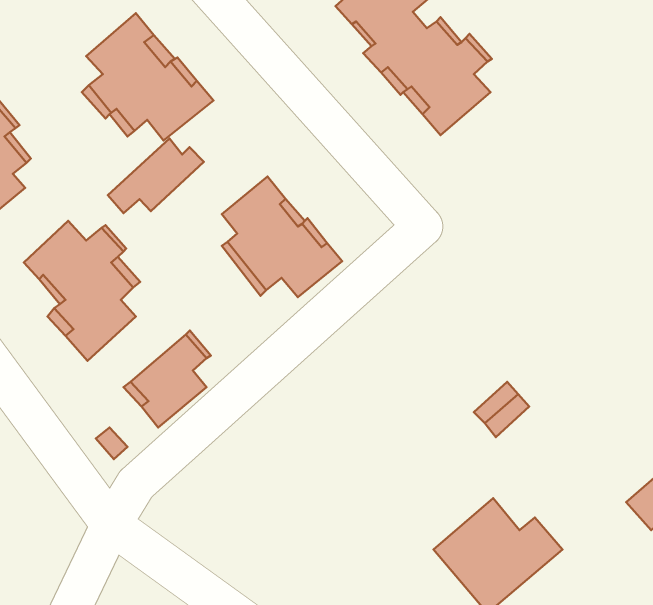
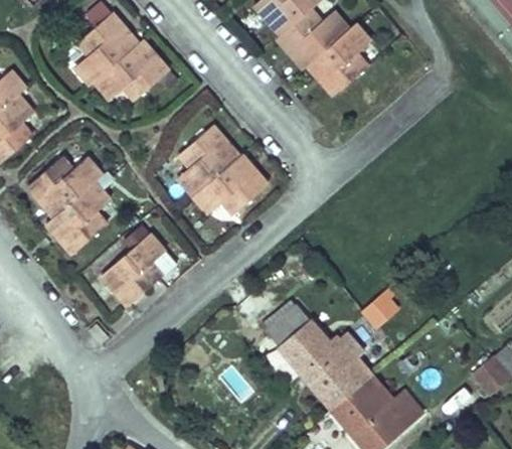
building: [108,139,204,213] -> none
building: none -> [259,293,371,401]

